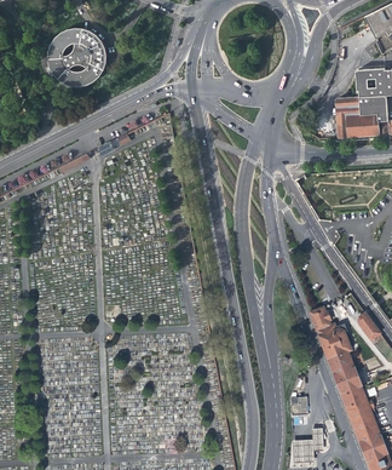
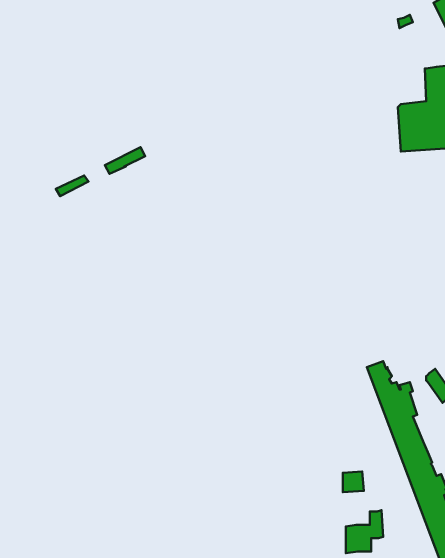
building: [47,28,105,86] -> none

